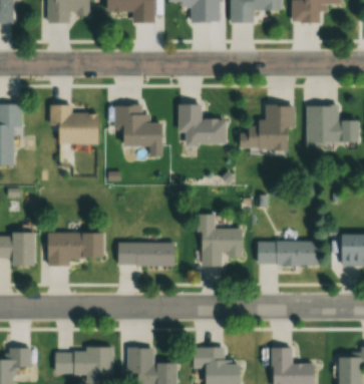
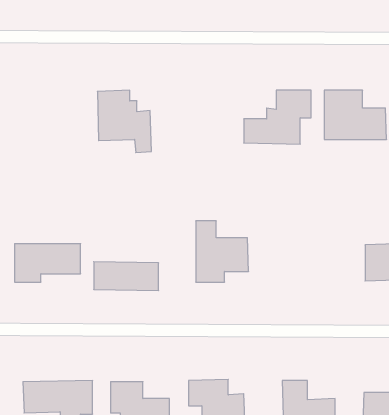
building: [178,103,227,145] -> none
building: [50,104,99,142] -> none
building: [258,241,319,264] -> none

